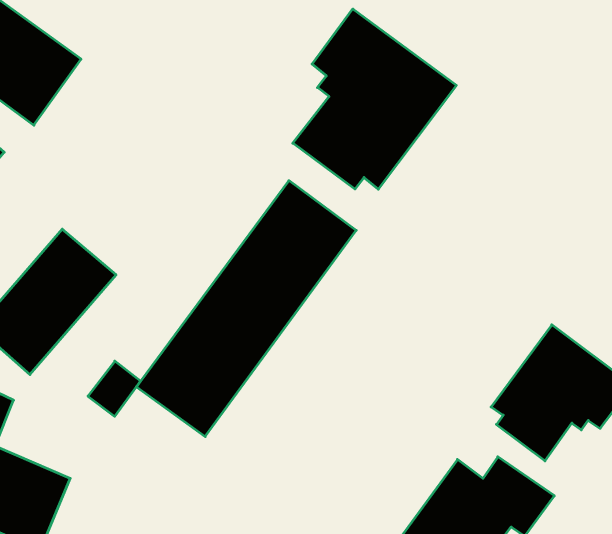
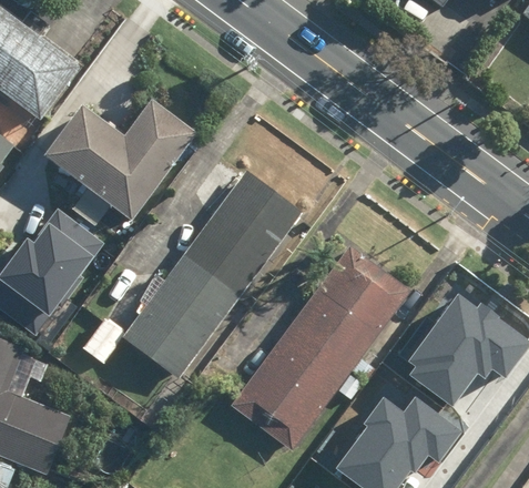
building: [293,9,456,189] -> none
building: none -> [41,99,194,223]
building: none -> [226,246,410,451]

